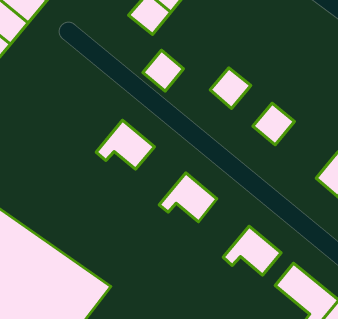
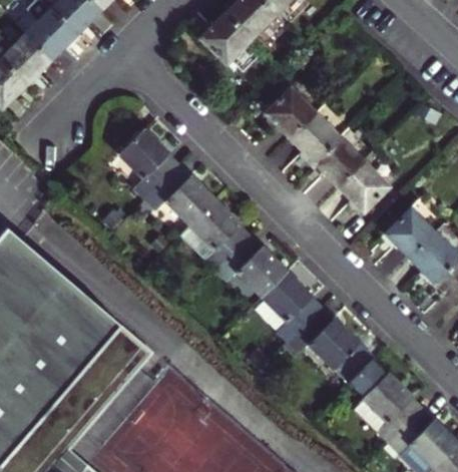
building: [143,50,184,91] -> [265,86,315,136]
building: none -> [314,135,364,185]
building: none -> [117,127,179,199]
building: none -> [385,206,434,256]
building: none -> [189,199,251,271]
building: none -> [261,270,322,342]

